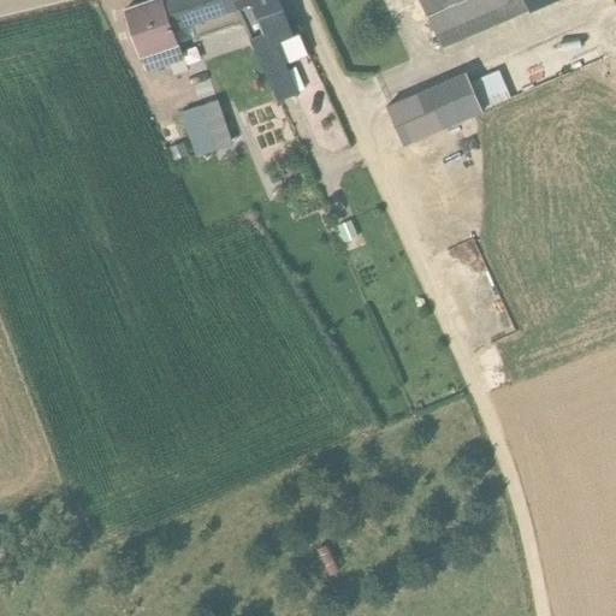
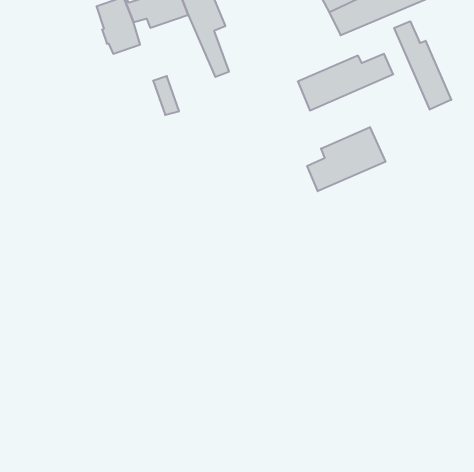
building: none -> [394,21,451,110]
building: [179,105,214,155] -> none
building: none -> [307,127,385,191]

